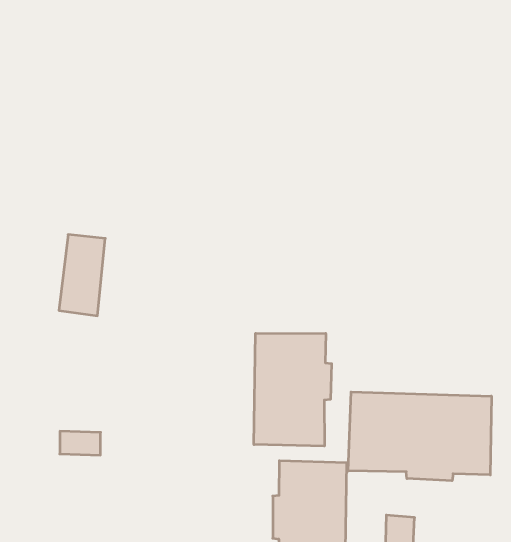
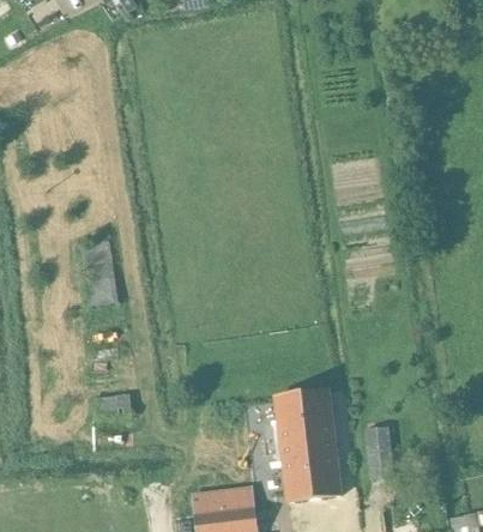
building: [254,333,332,446] -> none
building: [348,392,491,481] -> none

